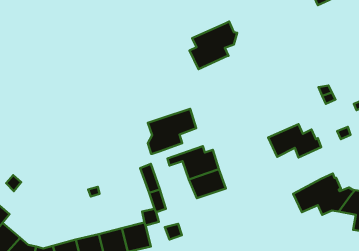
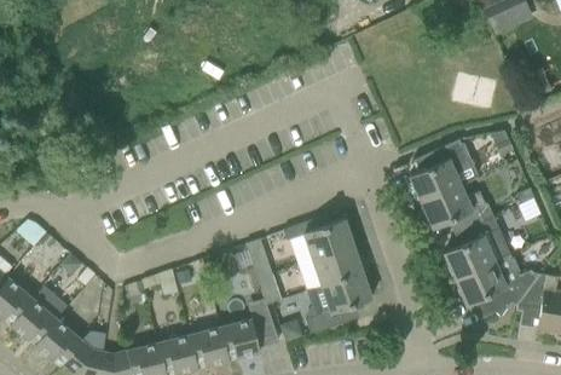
building: [190,22,237,69] -> [409,137,474,202]
building: [148,109,196,154] -> [305,272,371,334]
building: none -> [444,215,509,279]

